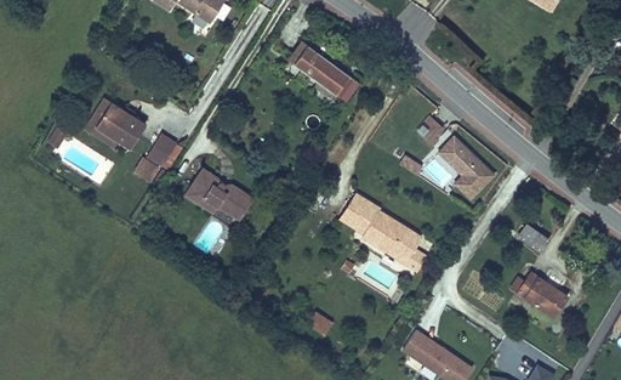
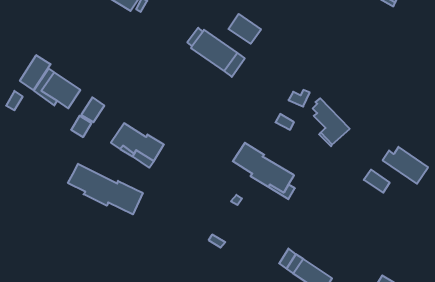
building: none -> [228,14,261,44]
building: none -> [20,55,51,90]
building: none -> [68,164,143,214]
building: [507,273,566,322] -> [383,147,428,184]

